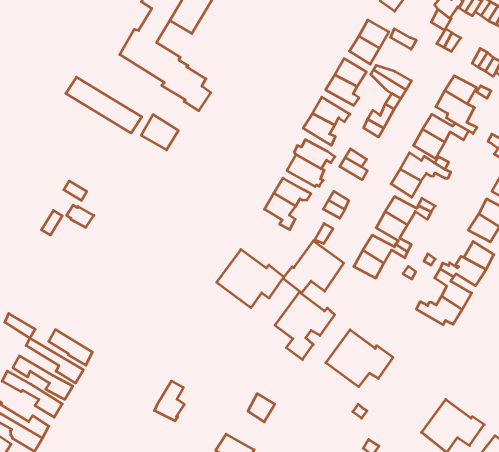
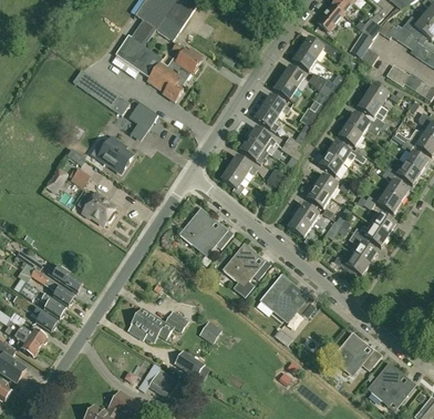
building: none -> [166,42,202,78]
building: none -> [99,135,133,171]
building: none -> [82,191,114,224]
building: [283,241,344,293] -> none
building: none -> [144,309,187,340]

